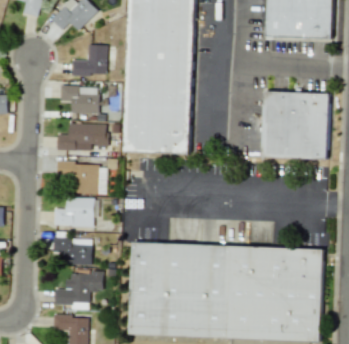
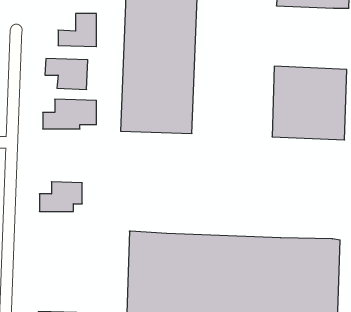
building: [55,163,105,194] -> none
building: [51,238,91,265] -> none
building: [53,269,102,310] -> none

